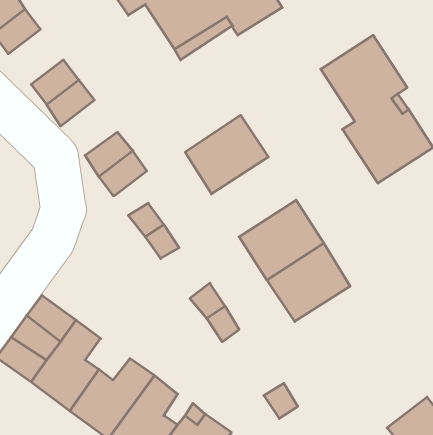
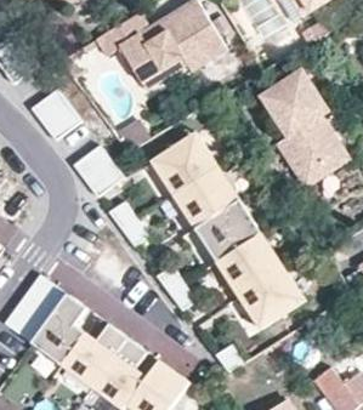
building: none -> [174,165,240,228]
building: none -> [239,267,306,330]

